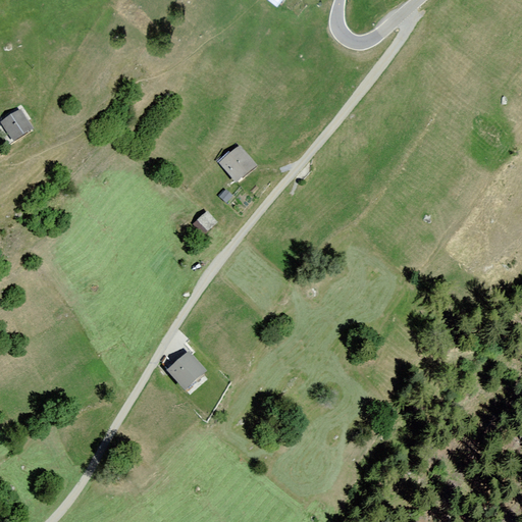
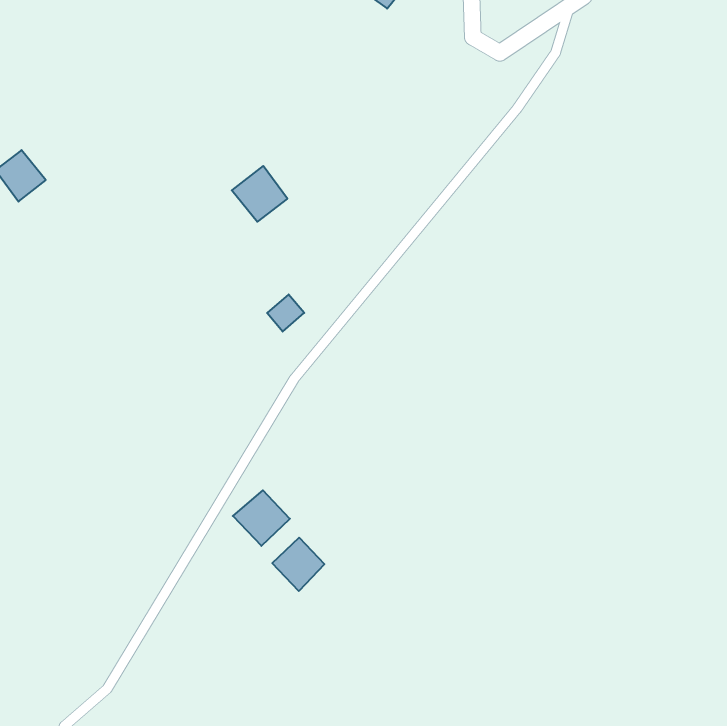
building: [217,143,257,182] -> [232,166,287,222]
building: none -> [272,538,324,591]

